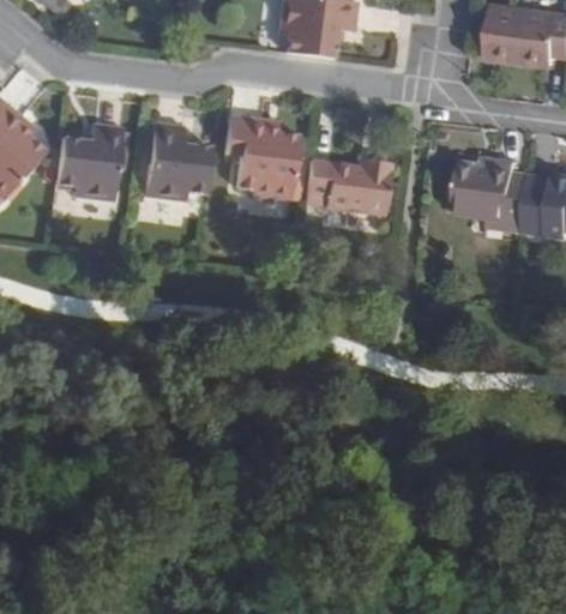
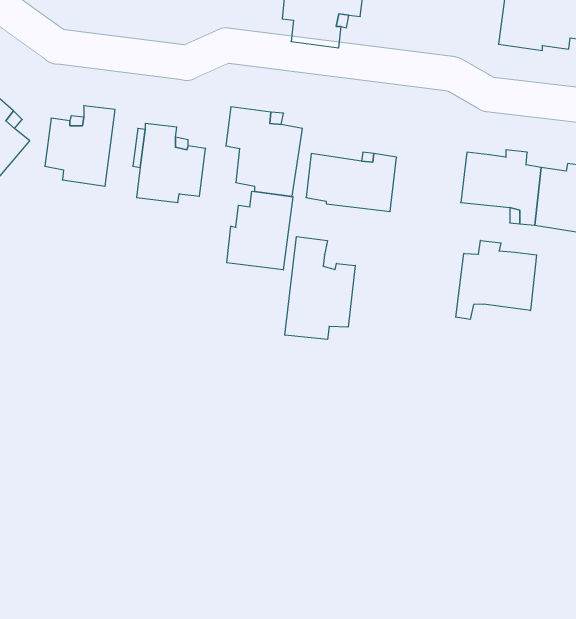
building: none -> [227,191,293,270]
building: none -> [285,237,355,339]
building: none -> [456,240,537,319]

